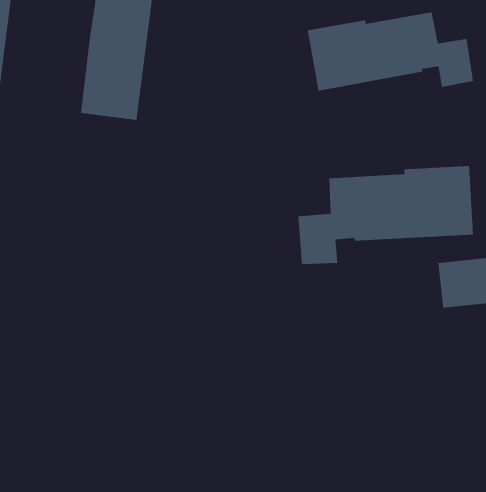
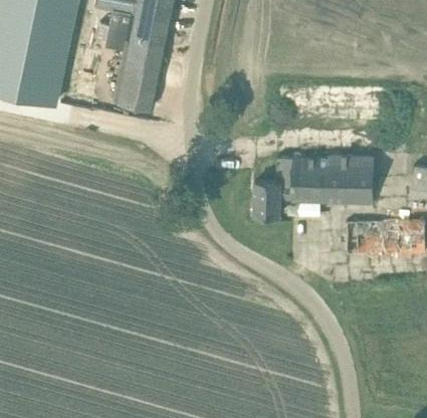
building: [307,12,474,91] -> none

